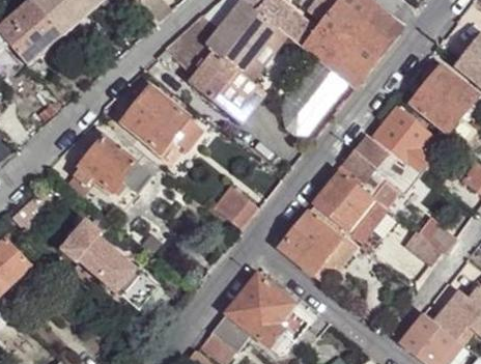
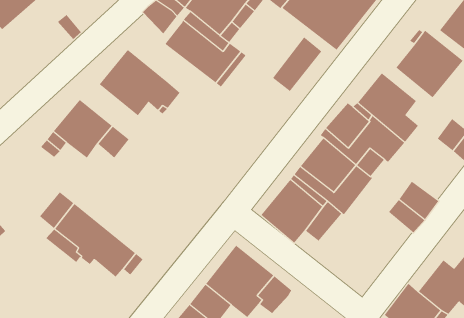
building: [215,184,257,225] -> none

